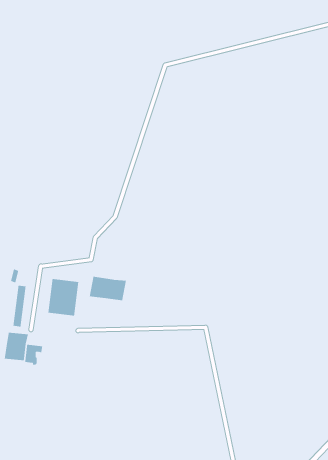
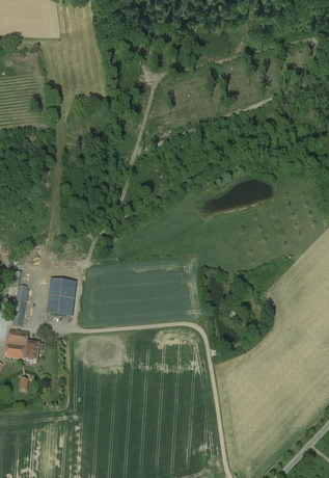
building: [89,276,127,301] -> none

